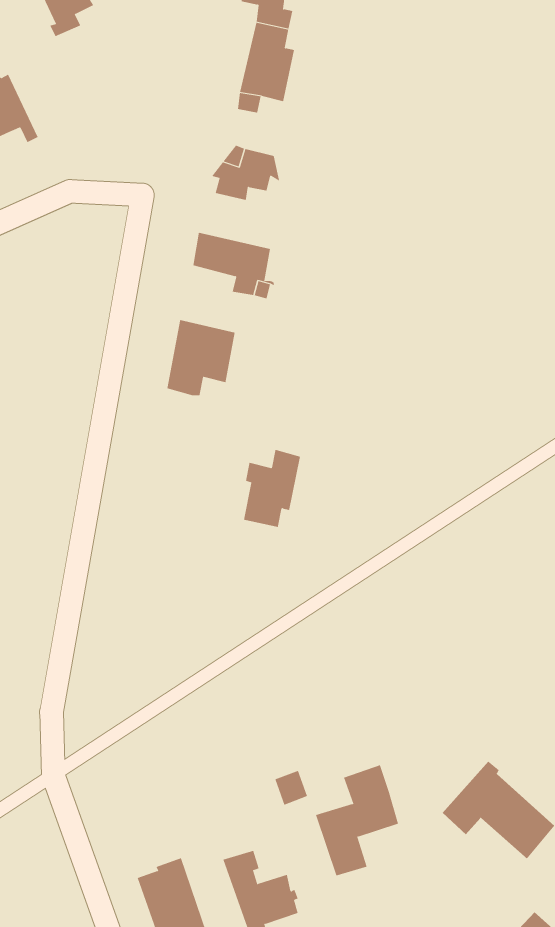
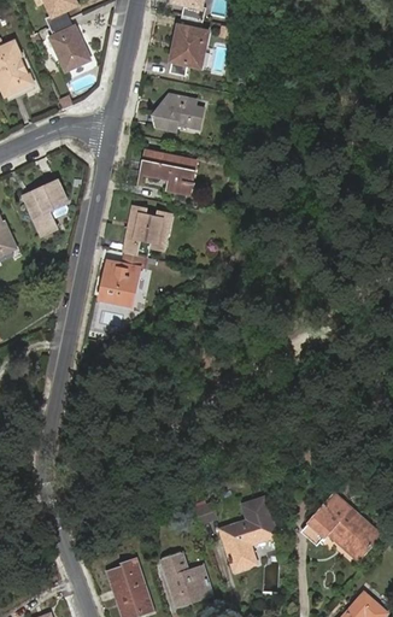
building: none -> [51,18,88,69]
building: none -> [23,182,65,235]
building: [243,449,301,527] -> [104,253,141,304]

